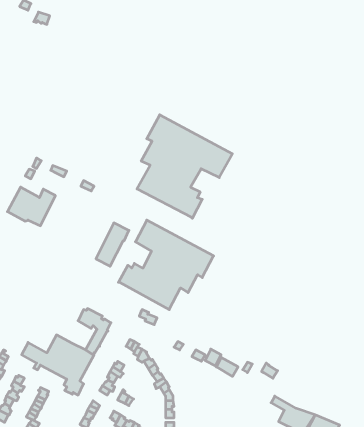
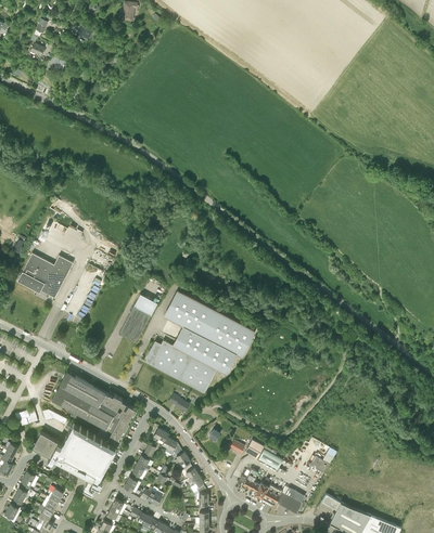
building: [137,115,232,218] -> none
building: none -> [51,373,119,441]
building: none -> [242,469,302,515]

